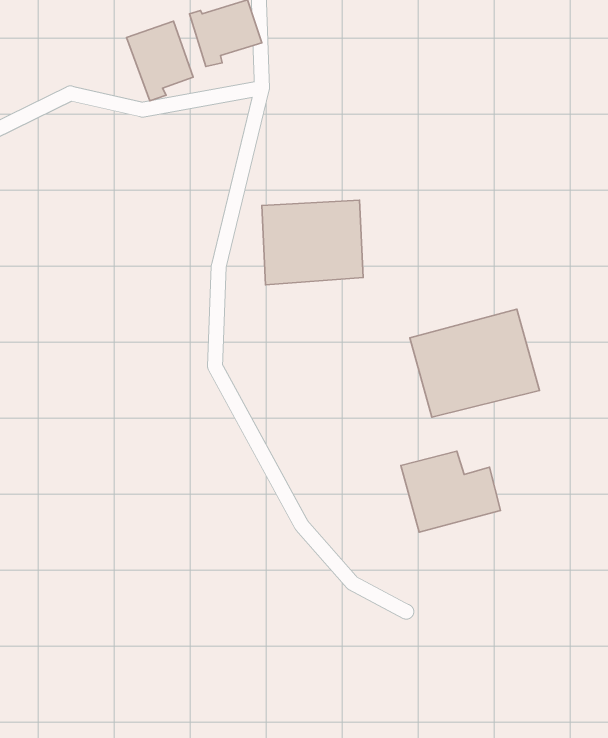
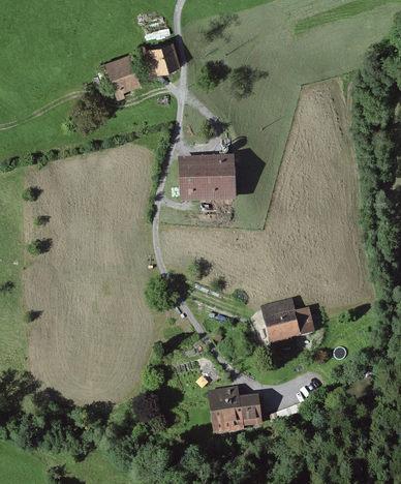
building: [410,309,539,417] -> none
building: none -> [207,387,260,432]

